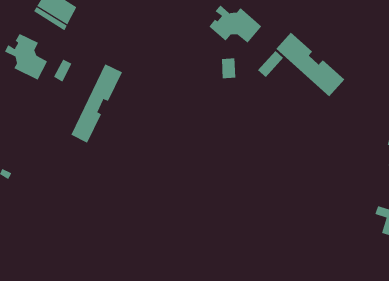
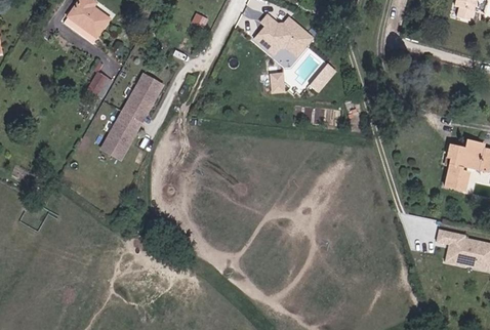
building: [276,32,345,97] -> none
building: [4,33,48,81] -> none

